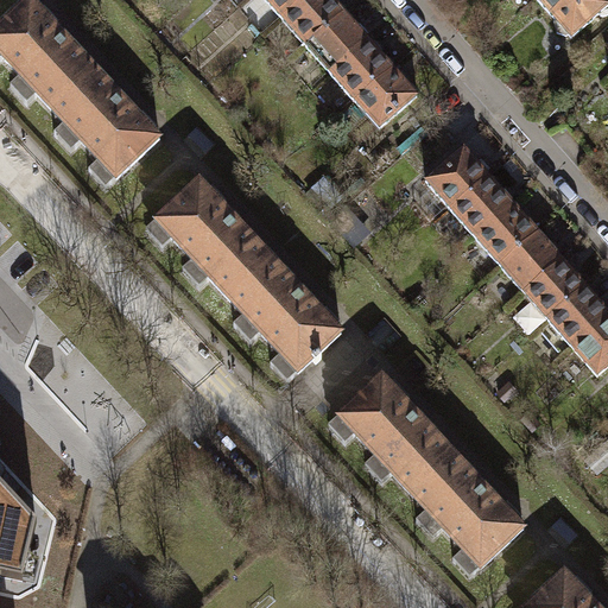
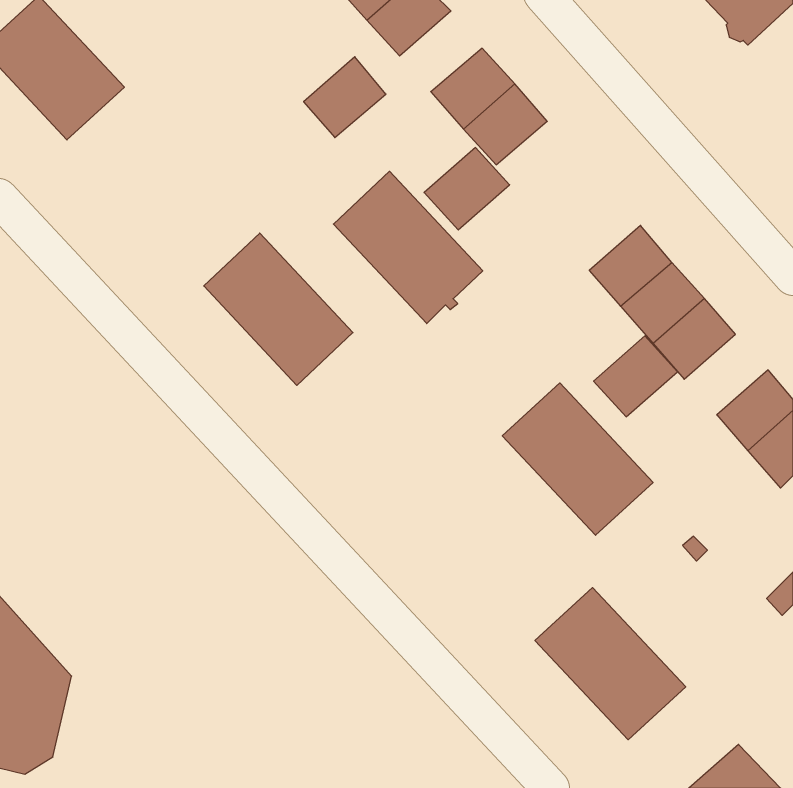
building: [305,8,368,70] -> [304,57,386,138]
building: [51,66,160,177] -> none
building: [424,144,489,207] -> [424,148,510,230]
building: [227,254,341,370] -> [333,171,483,324]
building: [522,255,587,317] -> [594,336,678,417]
building: [337,373,452,489] -> [502,383,653,535]

